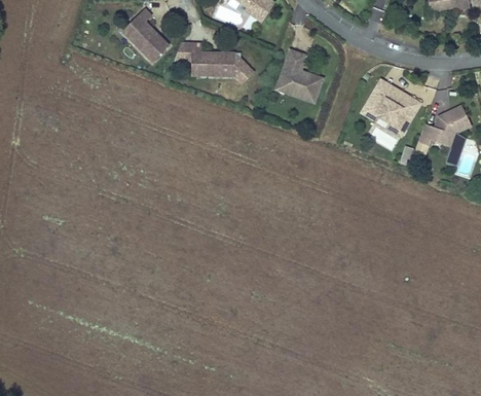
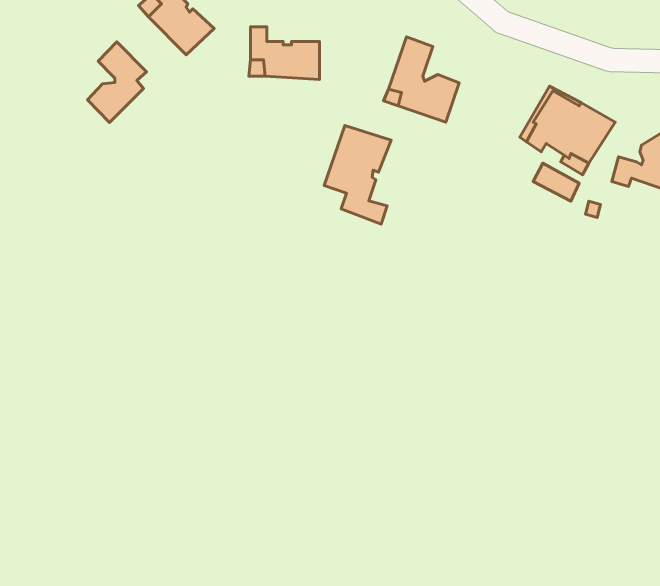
building: none -> [87,42,147,122]
building: none -> [324,126,391,224]

